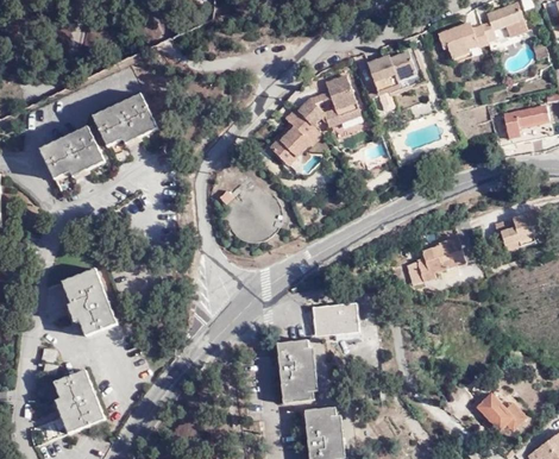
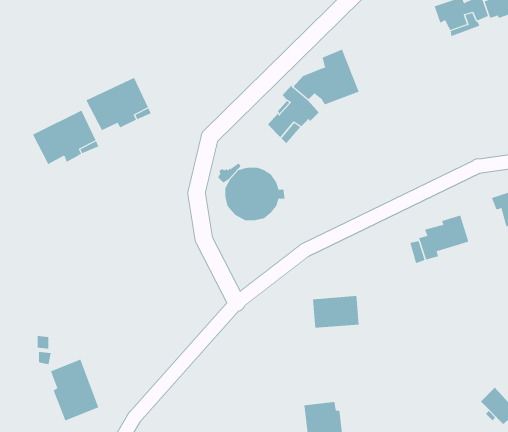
building: [365,44,422,107] -> none
building: [64,269,117,334] -> none
building: [276,344,316,407] -> none

